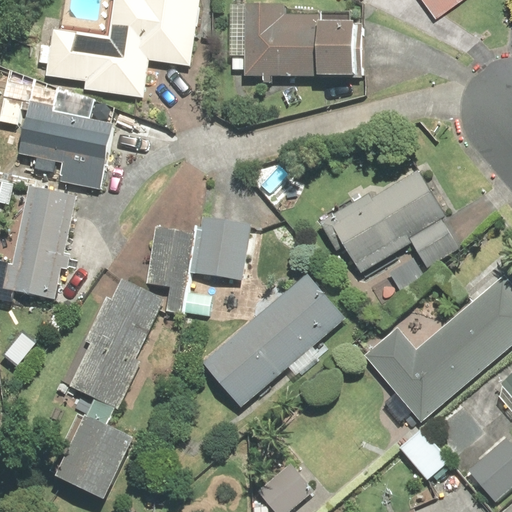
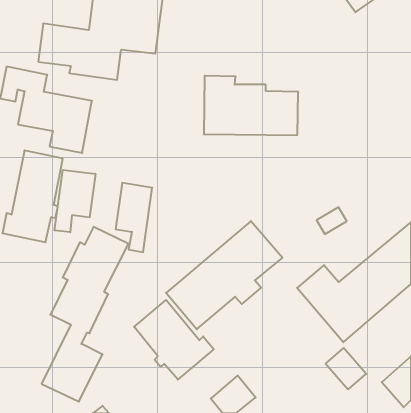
building: [247,5,363,78] -> [204,76,298,135]
building: [322,169,460,271] -> none
building: none -> [54,170,95,232]
building: [185,216,244,278] -> none
building: none -> [134,300,214,380]

